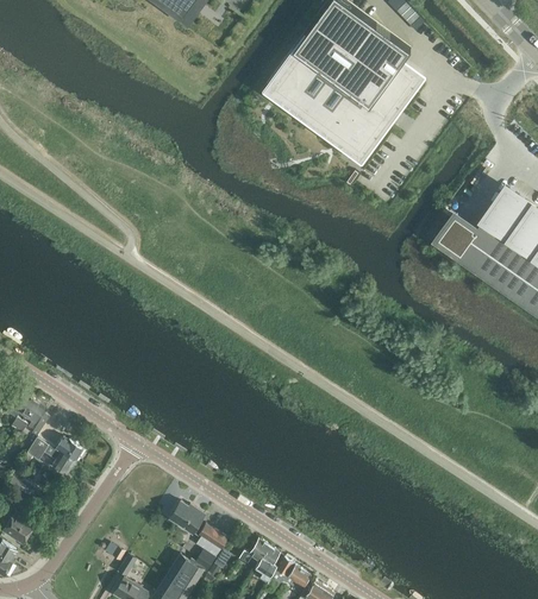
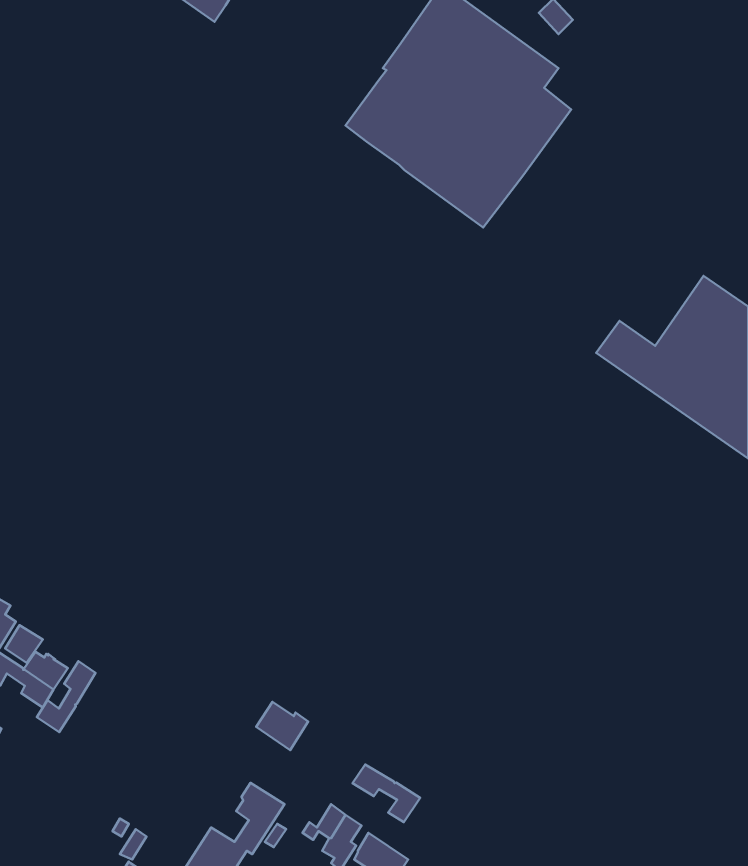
building: none -> [37,661,95,732]
building: [169,504,204,536] -> [256,702,308,750]
building: none -> [353,765,420,822]

